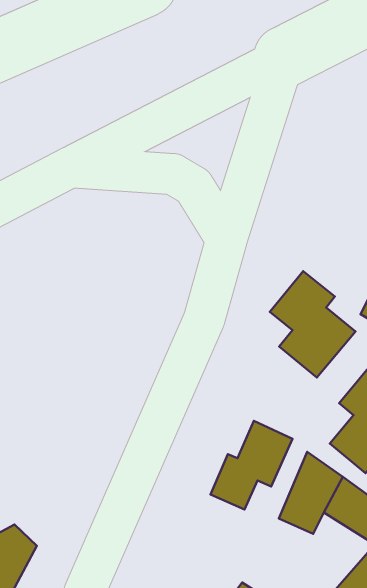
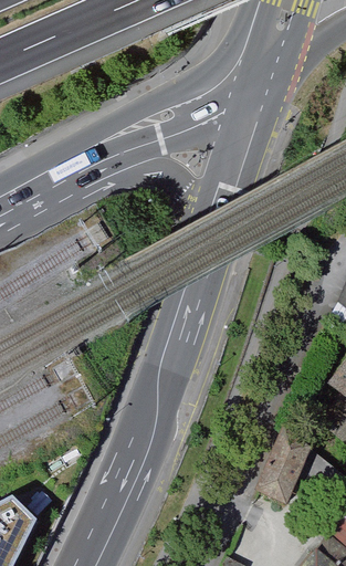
building: [270,271,356,378] -> none
building: [211,421,292,510] -> none

